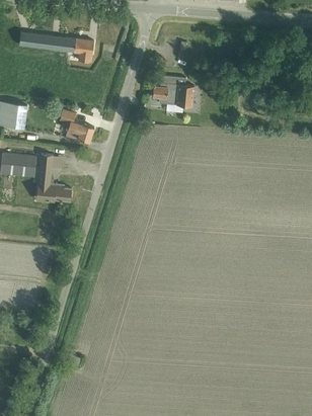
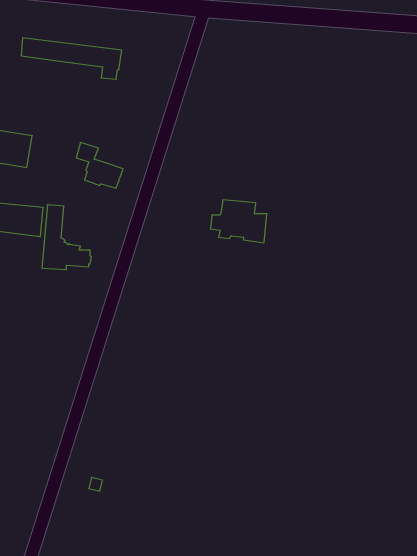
building: [152,75,193,106] -> [210,200,267,243]

